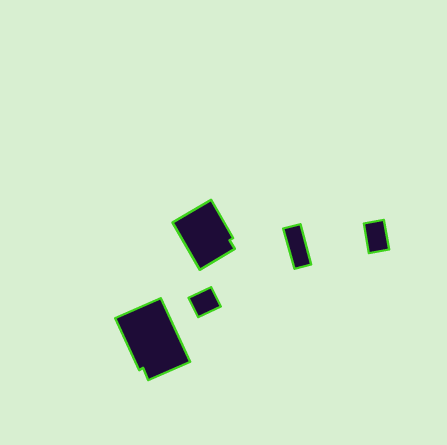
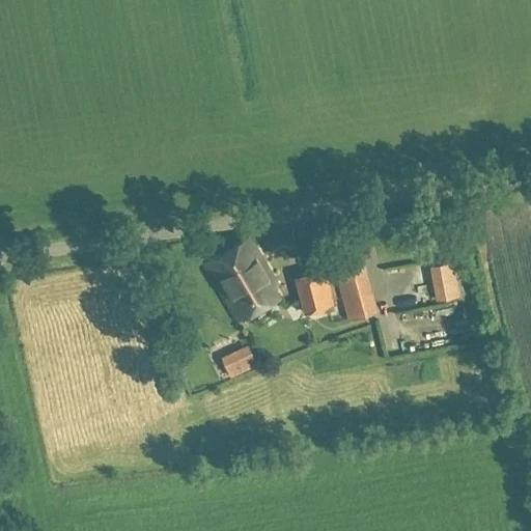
building: none -> [297,272,335,316]
building: [115,298,190,380] -> none

